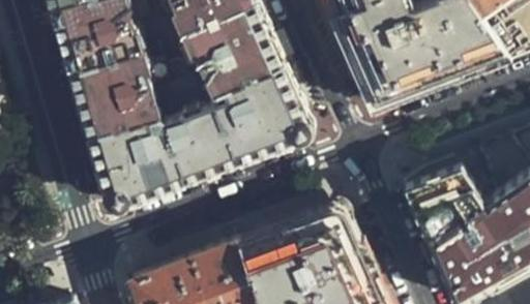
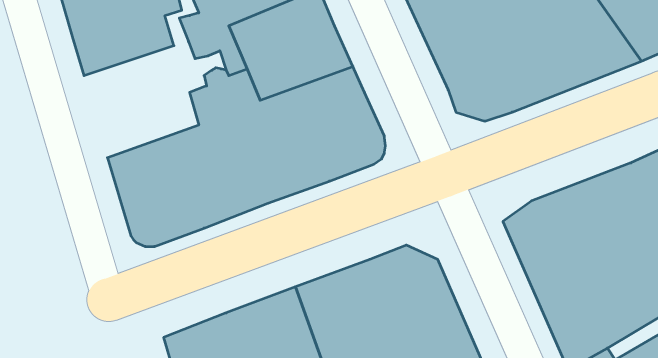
building: [70,51,168,140] -> none

